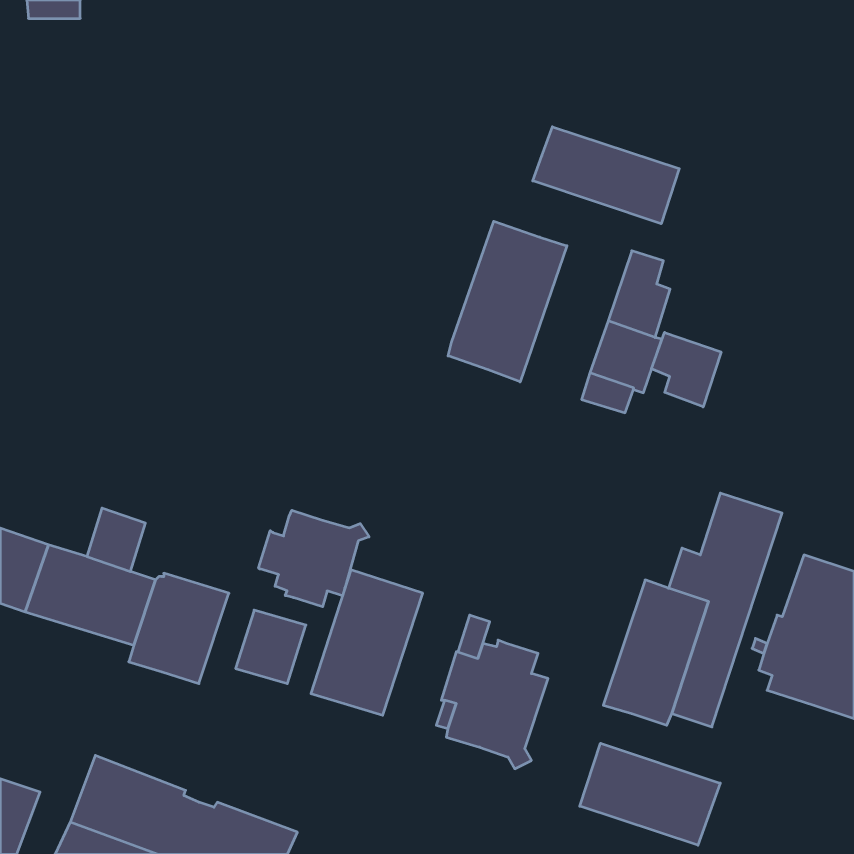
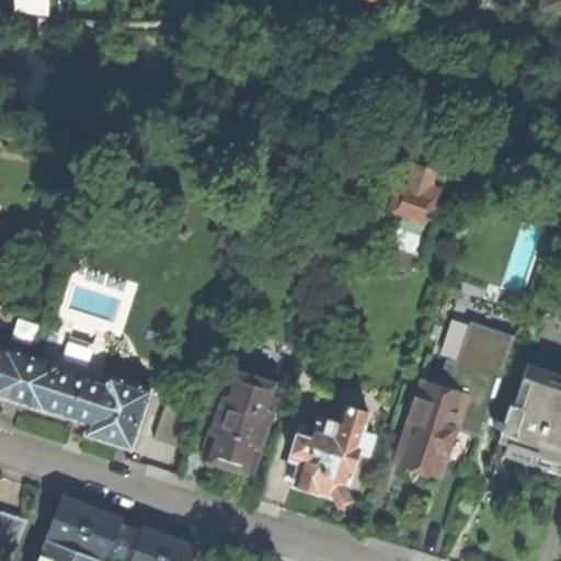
building: [533,127,679,224] -> none
building: [448,221,567,382] -> none
building: [652,332,721,407] -> none
building: [259,510,369,607] -> none
building: none -> [332,404,373,455]
building: [580,743,720,845] -> none

